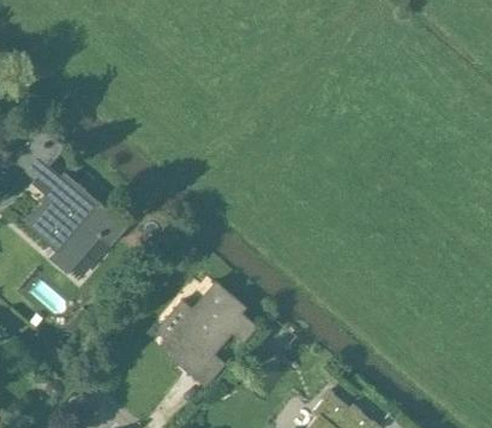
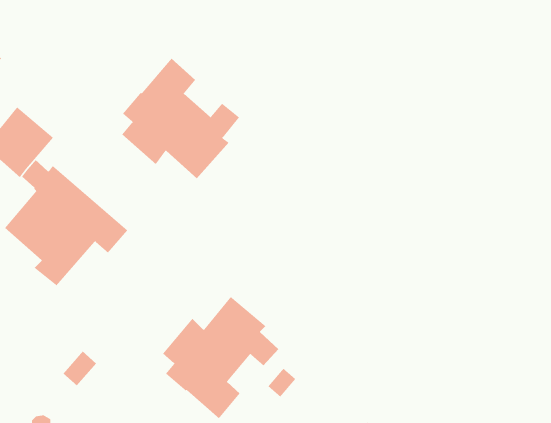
building: none -> [122,58,240,179]

